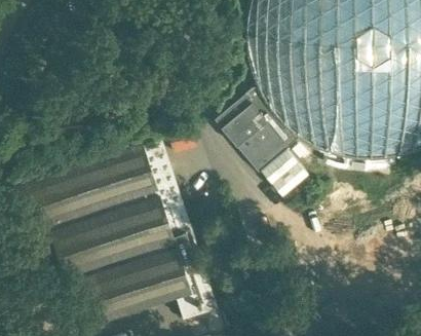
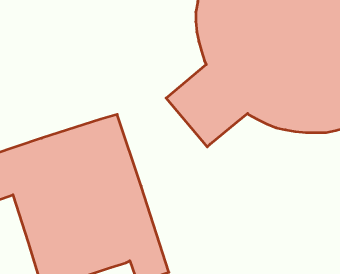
building: [263,148,305,188] -> none

